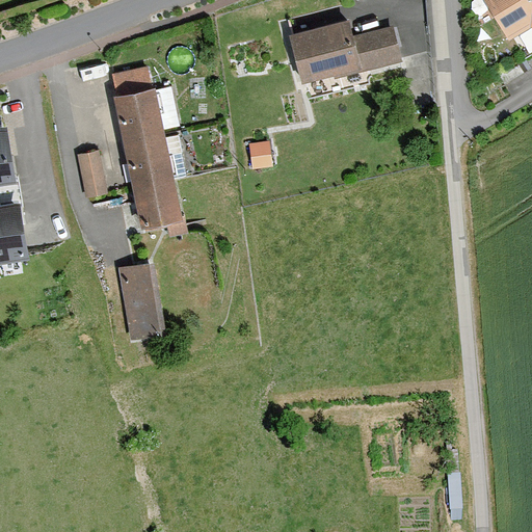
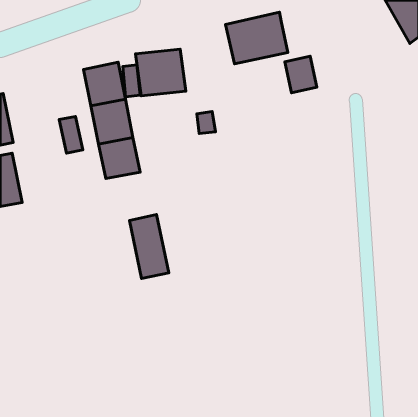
building: [357,22,398,69] -> [285,56,317,93]
building: none -> [135,49,186,96]
building: [119,261,169,342] -> [129,215,169,279]

